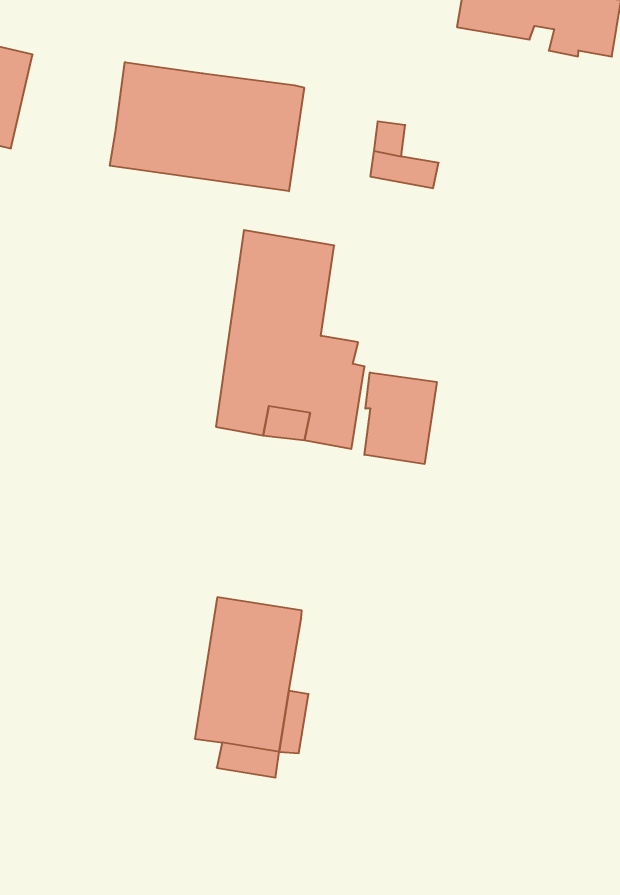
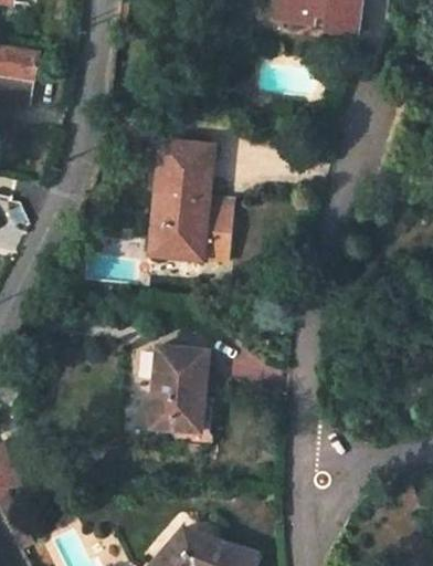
building: [110,62,304,191] -> none
building: [364,372,437,464] -> none

